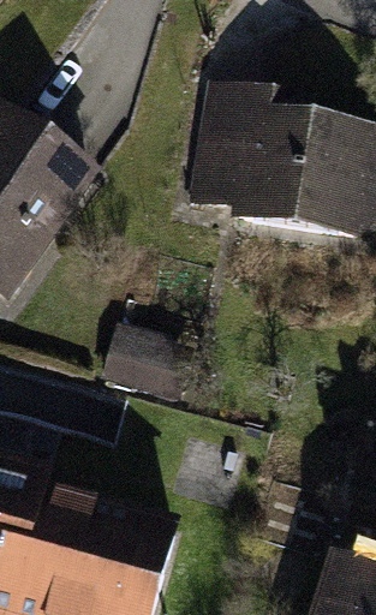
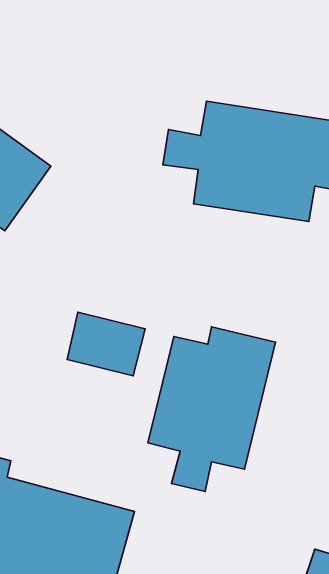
building: none -> [148,327,276,491]

